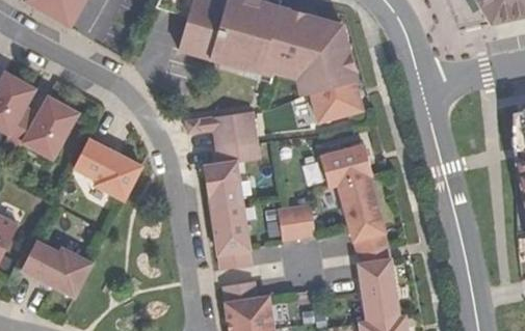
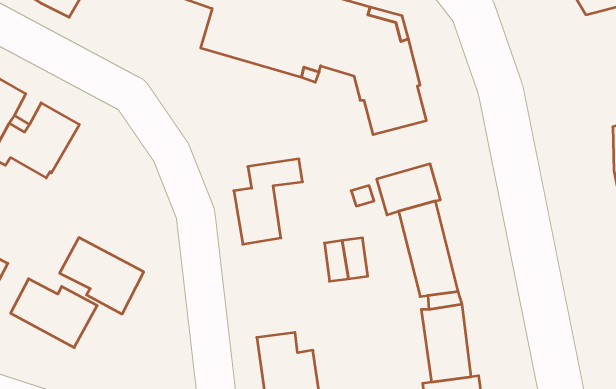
building: [186,112,258,147] -> none
building: [75,136,143,198] -> [60,238,144,314]
building: [212,205,253,270] -> none

